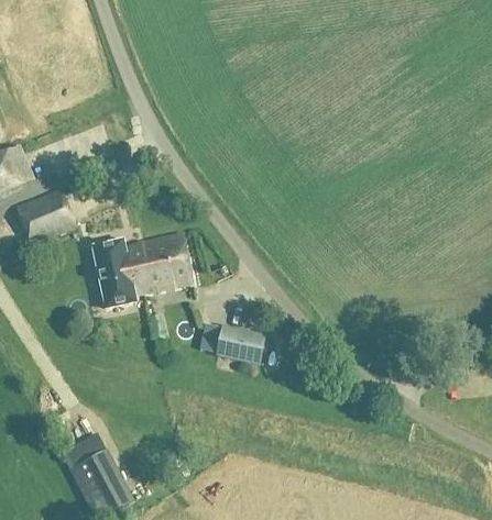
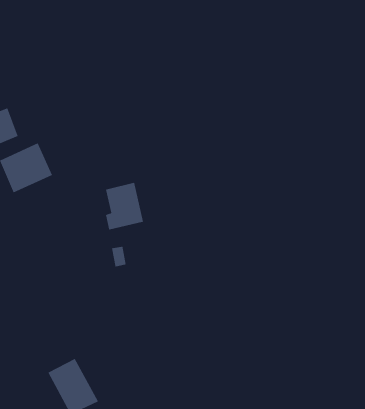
building: [96,241,147,305] -> none
building: [217,323,266,362] -> none

